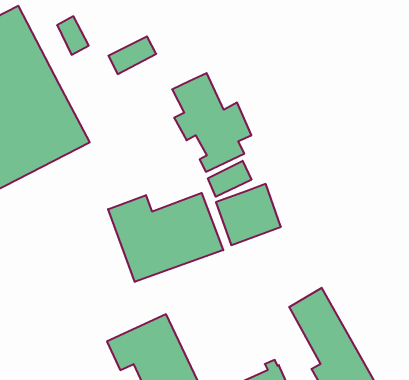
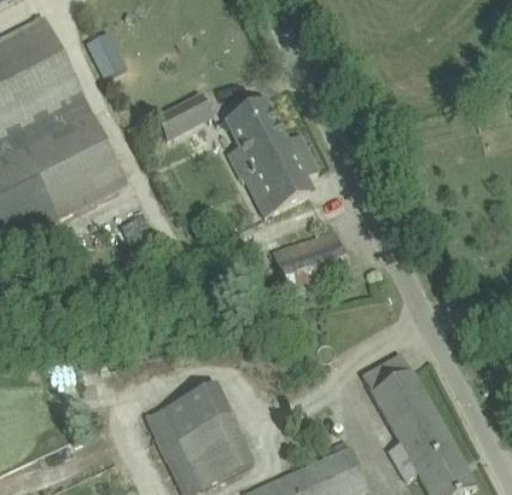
building: [108,36,156,74] -> [156,94,213,139]
building: [208,161,251,197] -> none
building: [108,193,223,282] -> none

